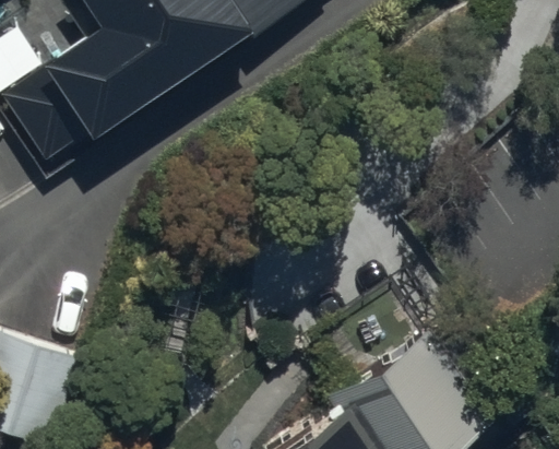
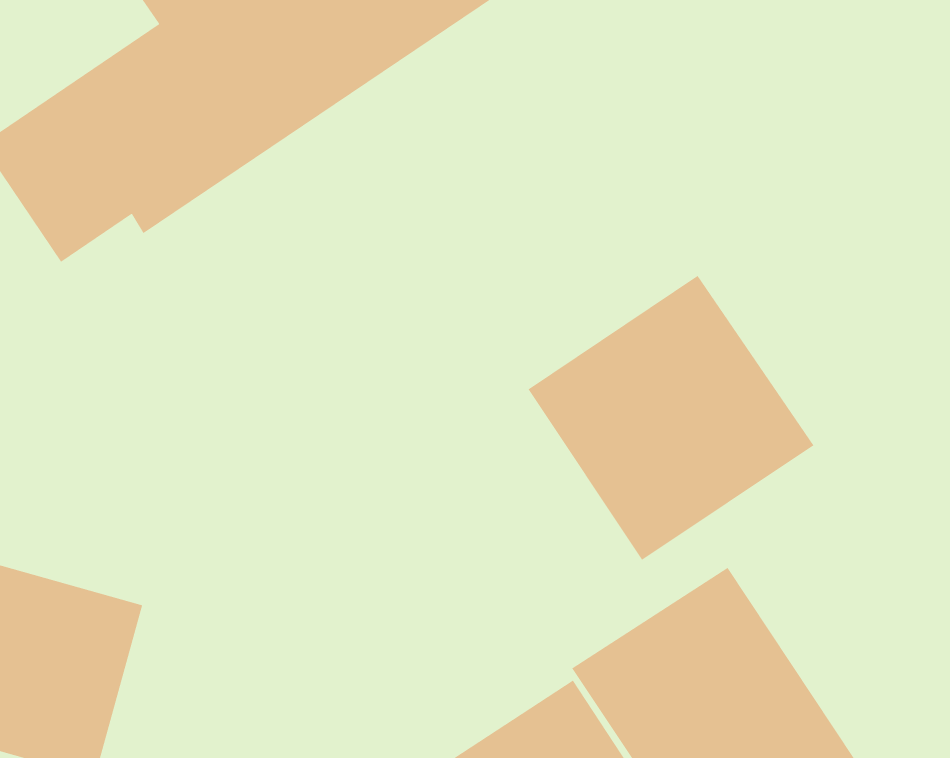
building: none -> [527,275,815,561]

